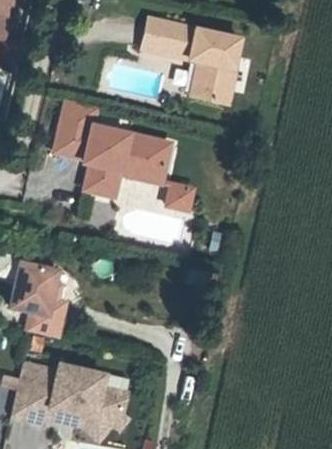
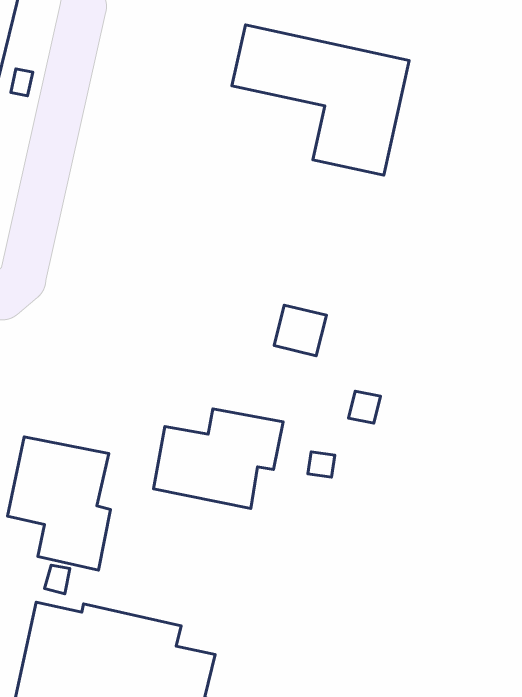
building: [52,100,173,201] -> none
building: none -> [154,409,283,508]

